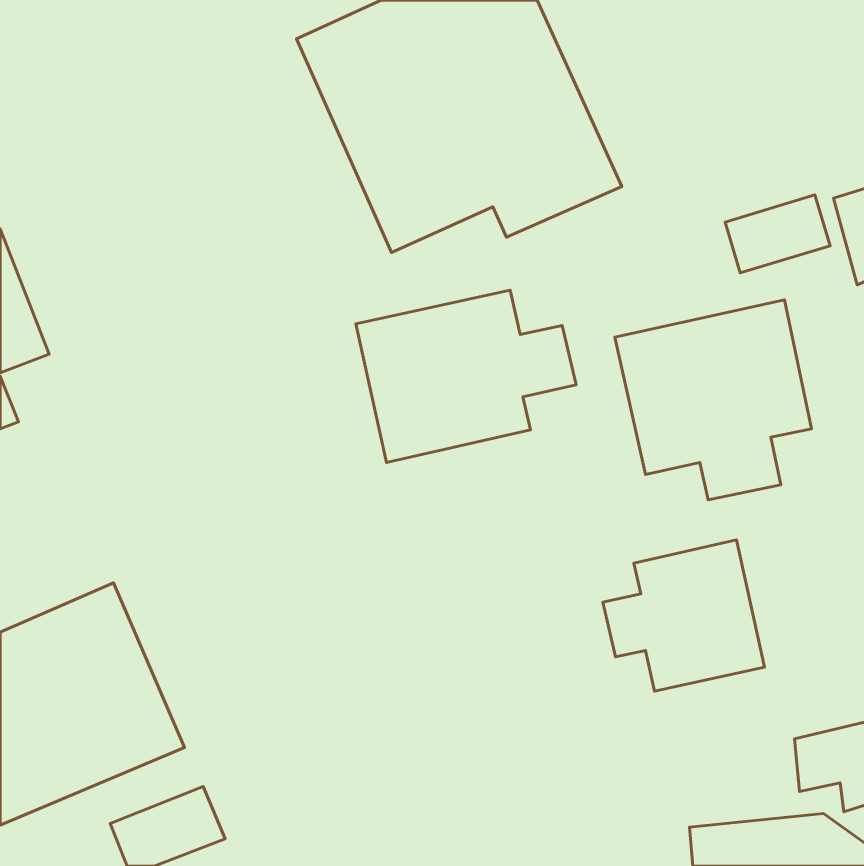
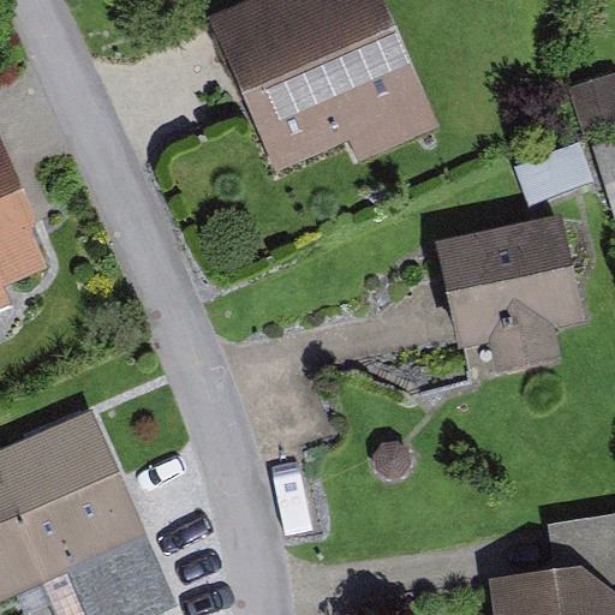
building: [356,290,576,463] -> none
building: [603,540,765,691] -> none

